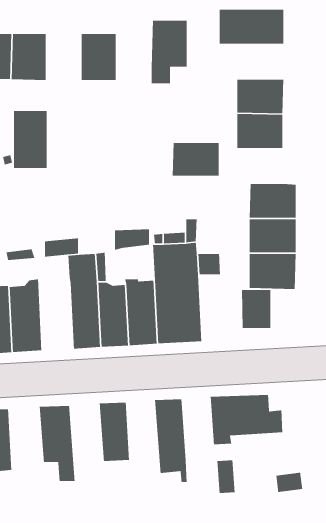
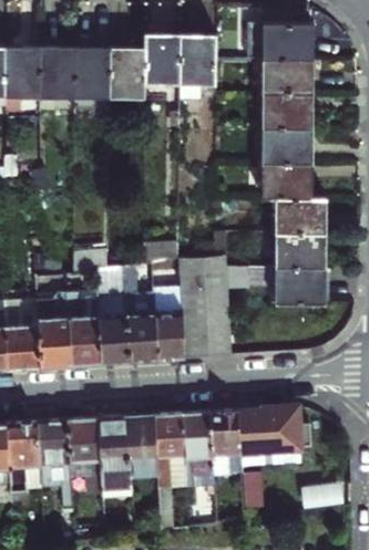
building: none -> [144,35,180,83]
building: none -> [264,60,311,94]
building: [13,110,48,169] -> [74,49,109,107]
building: [172,142,220,177] -> [263,164,310,198]
building: none -> [66,293,101,365]
building: [241,289,271,329] -> none
building: none -> [209,411,242,475]
building: none -> [154,414,187,532]
building: none -> [98,417,132,498]
building: none -> [37,421,73,509]

